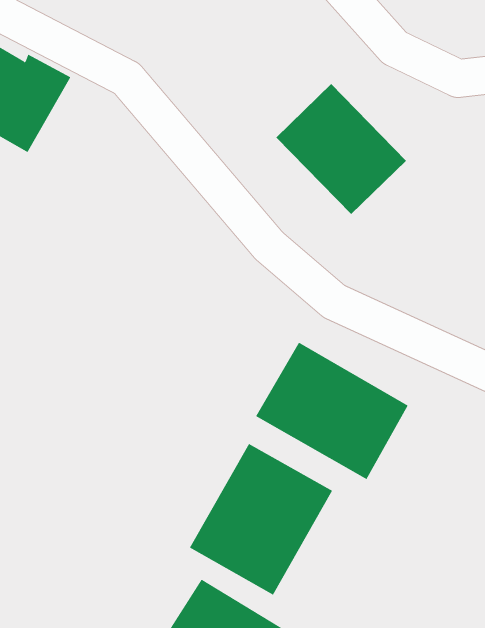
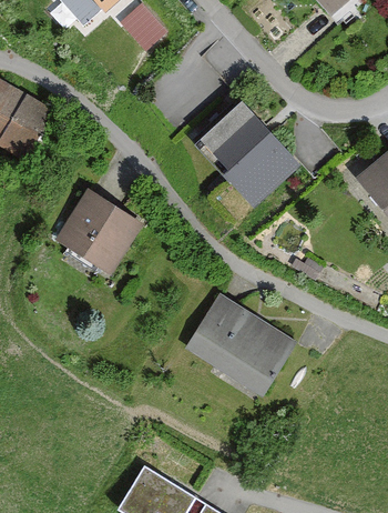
building: none -> [54,190,140,273]
building: [189,443,333,595] -> none

